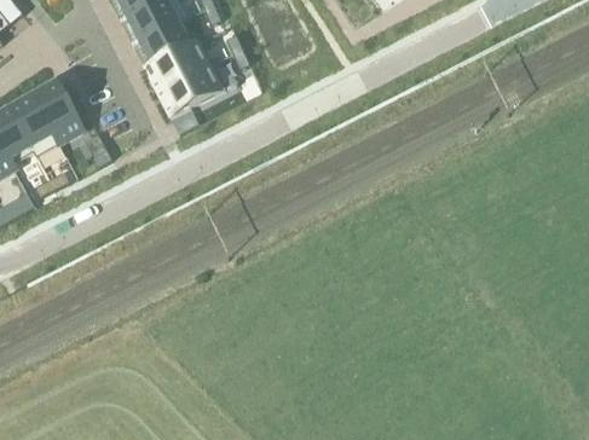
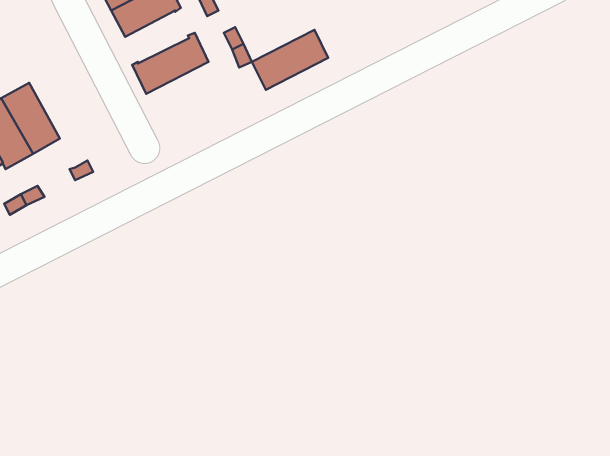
building: [139,18,195,64] -> none
building: [157,63,224,115] -> [252,30,328,90]

